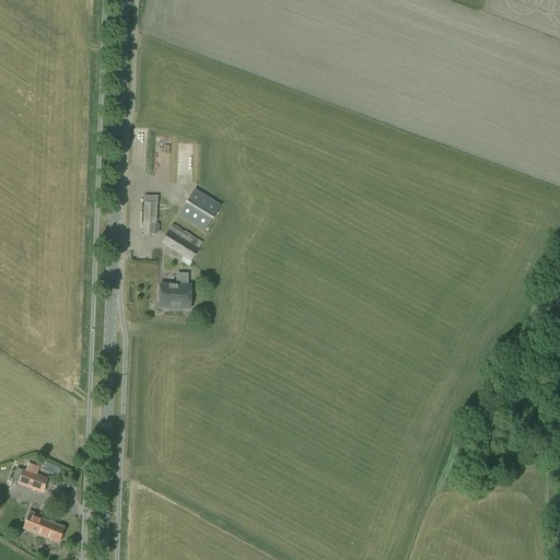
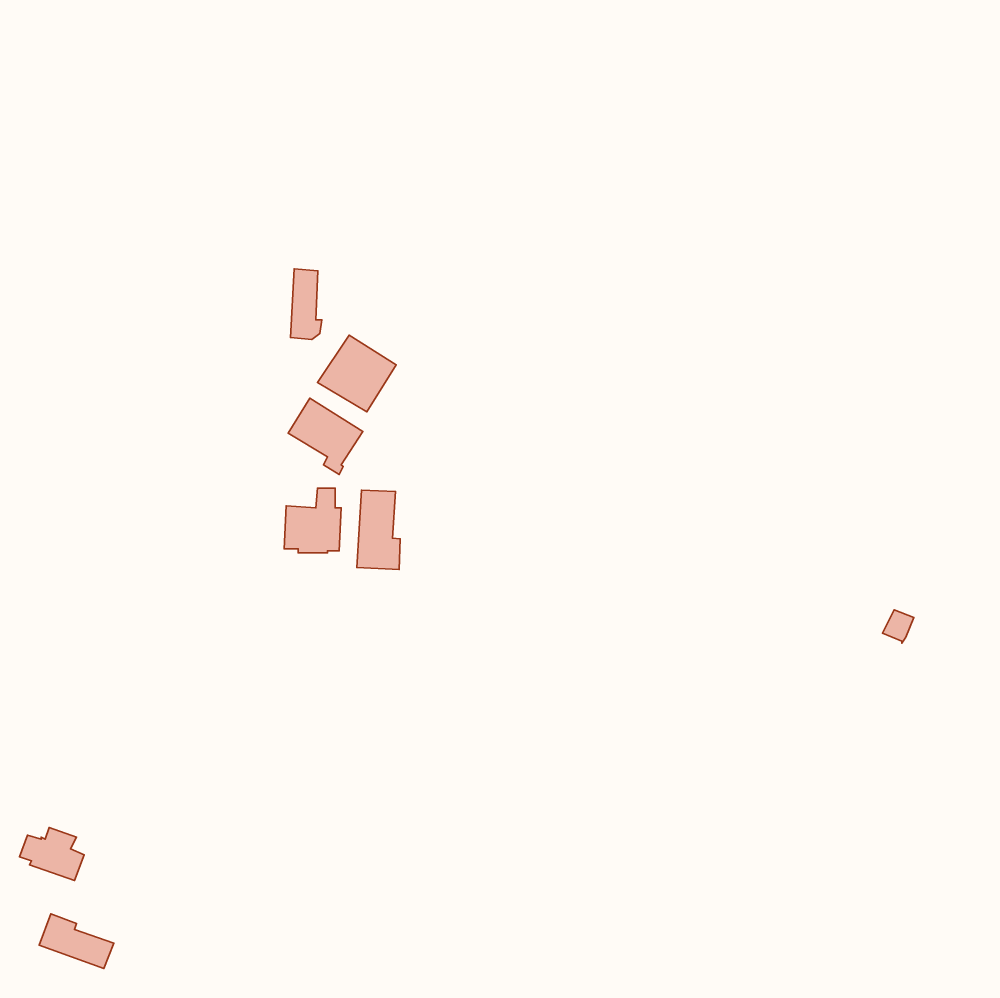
building: [143,194,161,233] -> [290,269,322,339]
building: none -> [357,490,400,569]

